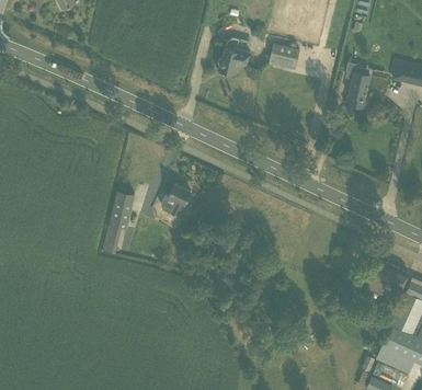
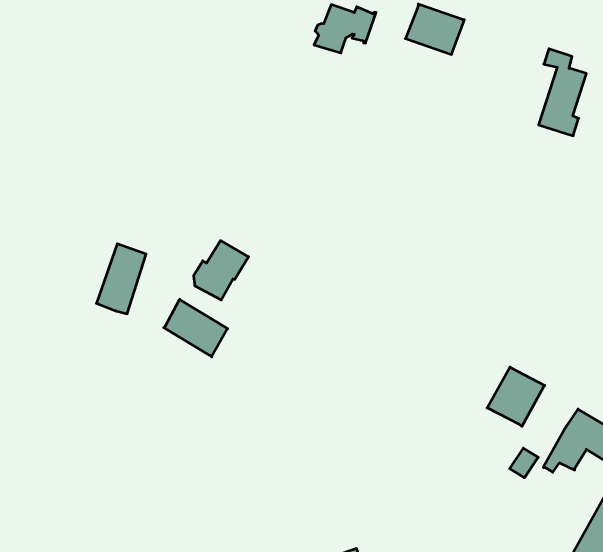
building: none -> [164,299,228,357]
building: none -> [487,367,545,426]

